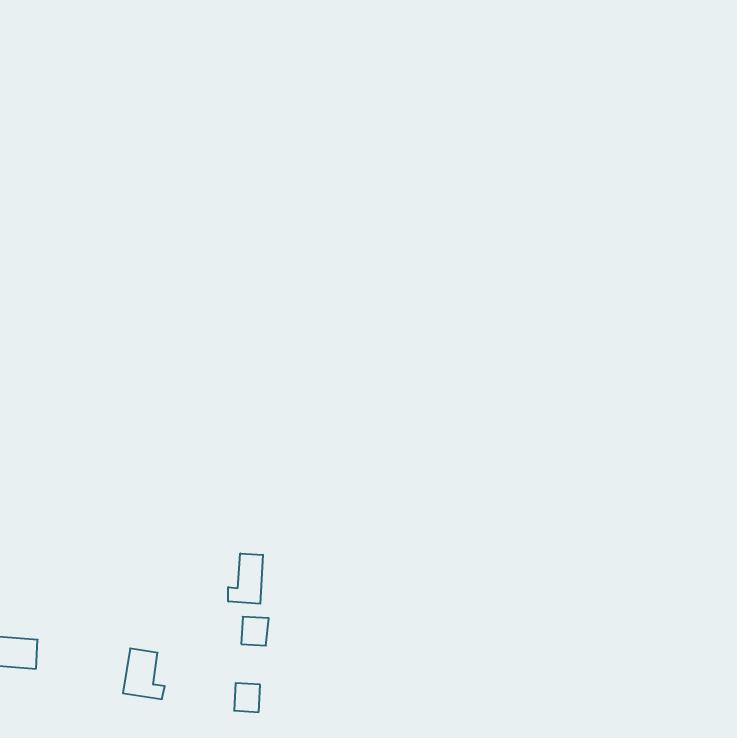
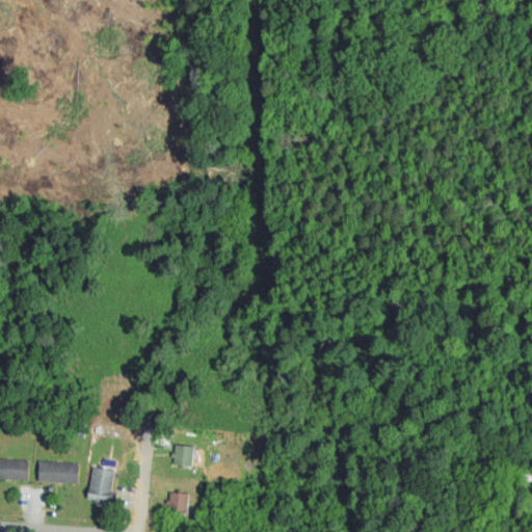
building: [228,553,263,604] -> none
building: none -> [37,462,78,483]

